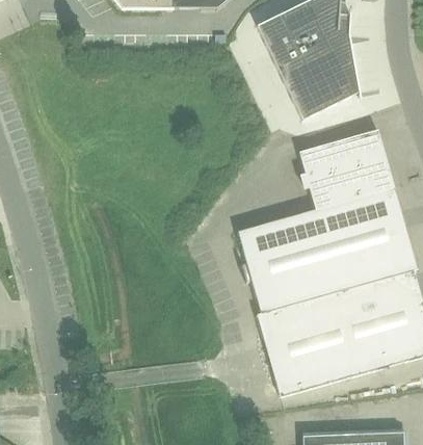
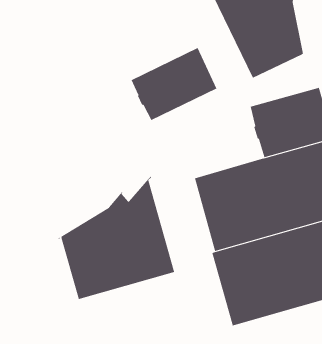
building: none -> [131,47,217,121]
building: none -> [57,176,175,300]

